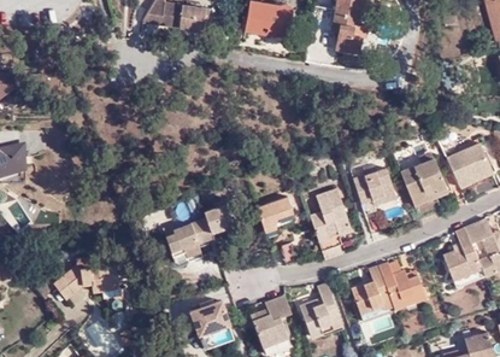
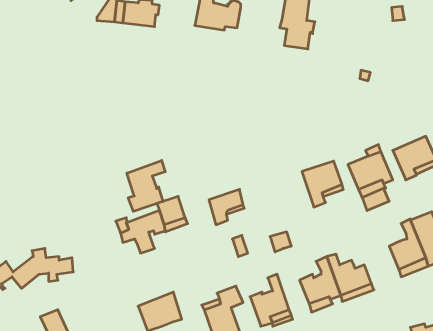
building: none -> [127,160,165,211]
building: [311,188,352,236] -> none

